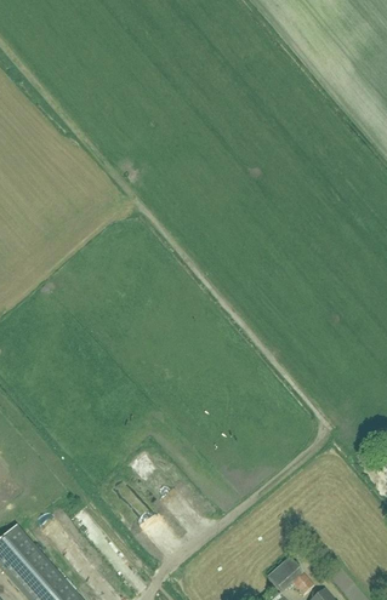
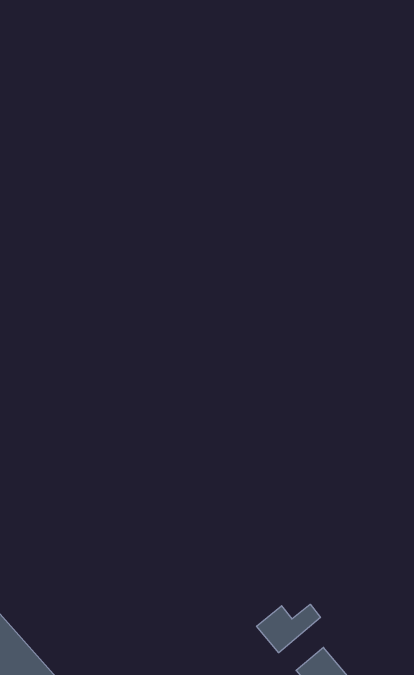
building: none -> [257,604,320,653]

